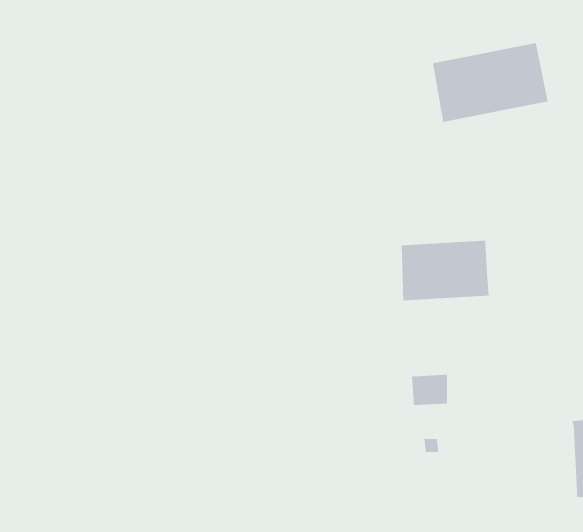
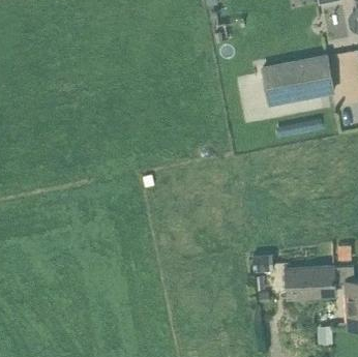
building: [401,240,490,301] -> [284,265,336,301]

